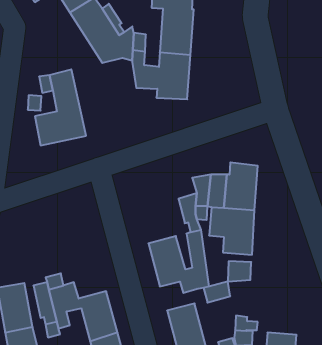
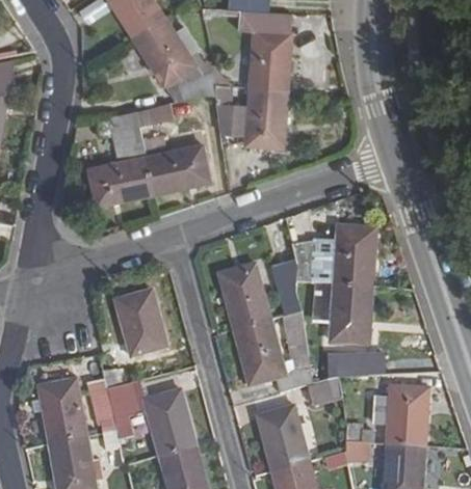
building: none -> [135,100,210,192]
building: none -> [219,267,269,330]
building: none -> [115,292,165,354]
building: none -> [371,387,427,447]

